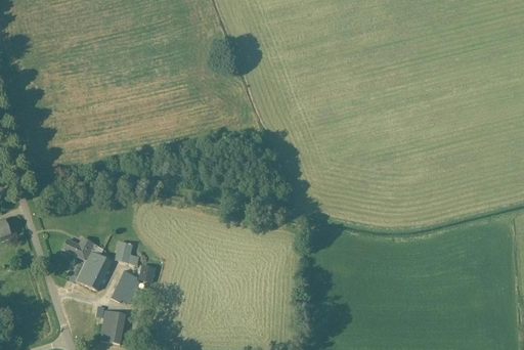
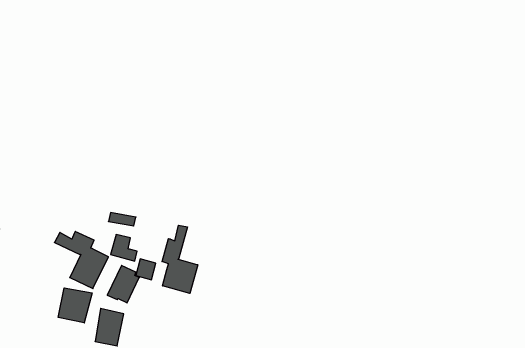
building: none -> [162,225,198,293]
building: none -> [58,288,92,323]

